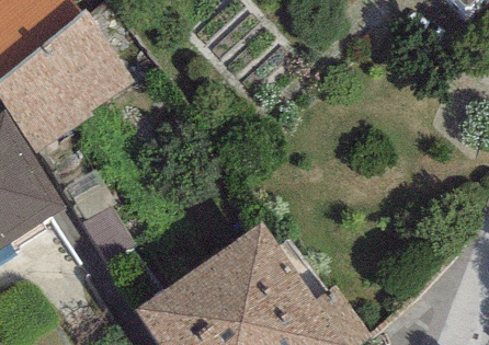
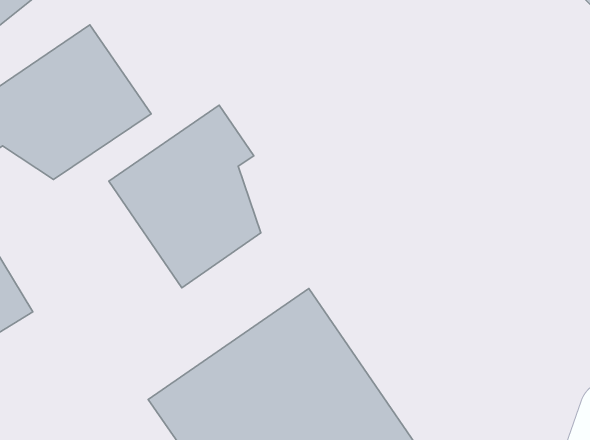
building: none -> [109,105,261,288]

